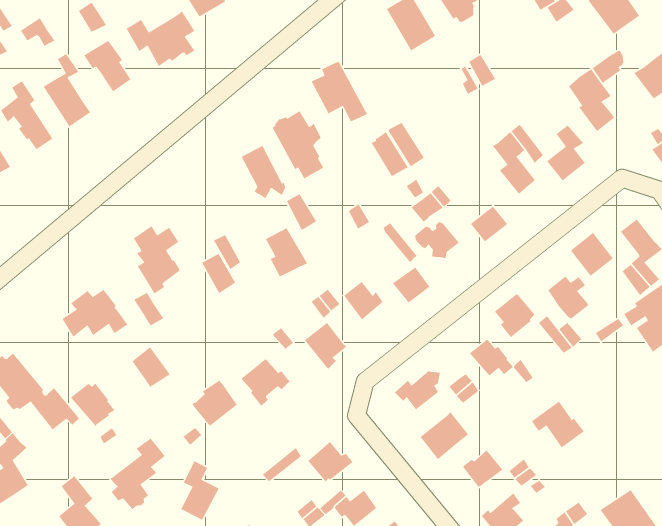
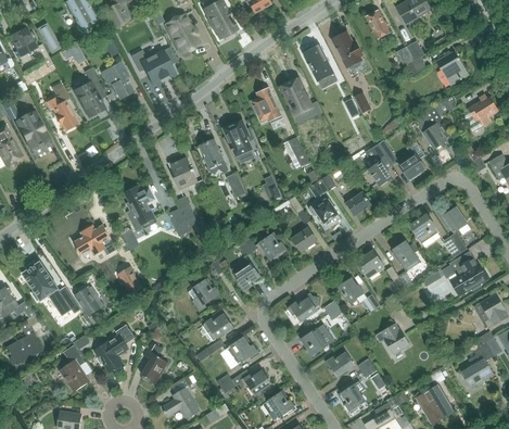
building: none -> [280,79,321,124]
building: [265,227,308,277] -> [171,157,199,190]
building: [191,380,238,427] -> [202,310,232,340]

